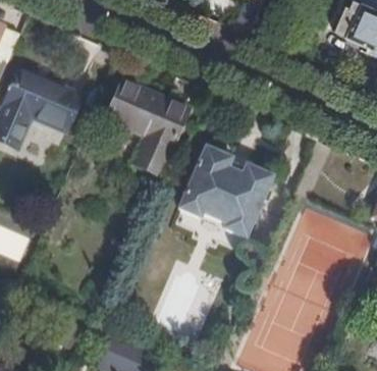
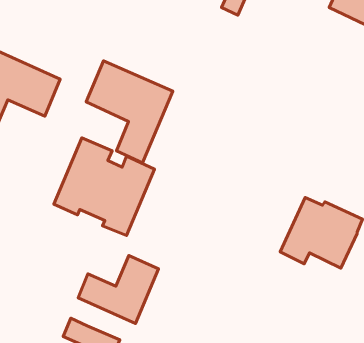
building: [177,146,272,237] -> [54,138,155,236]
building: none -> [78,255,158,323]

